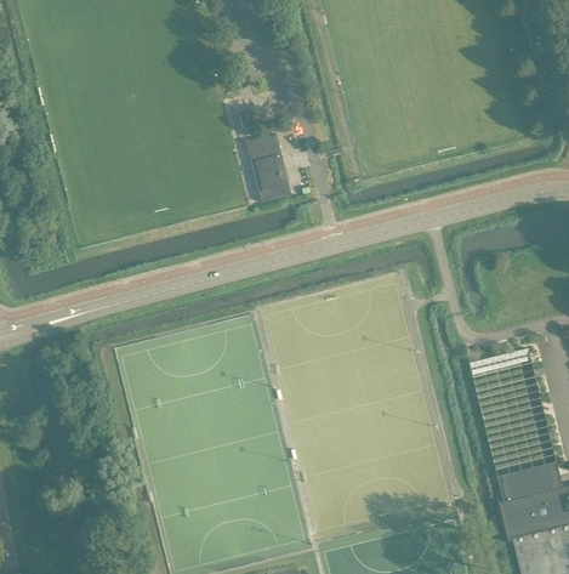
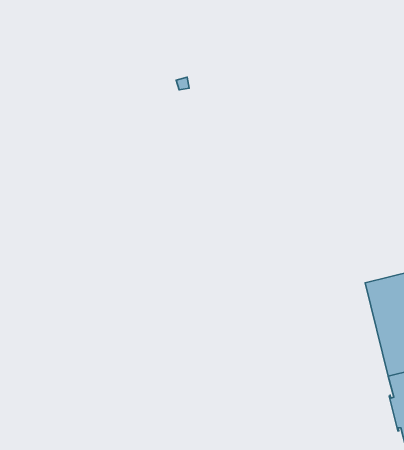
building: [245,132,291,200] -> none

